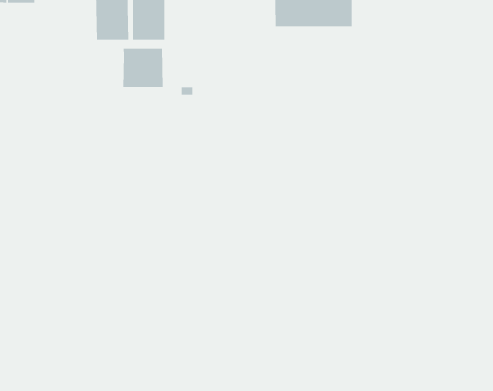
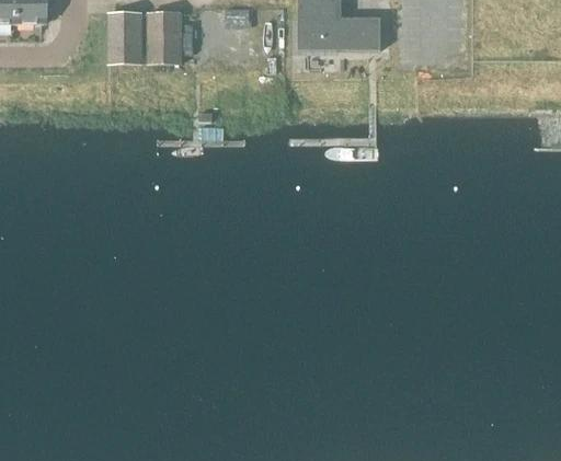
building: [123,48,163,88] -> none

